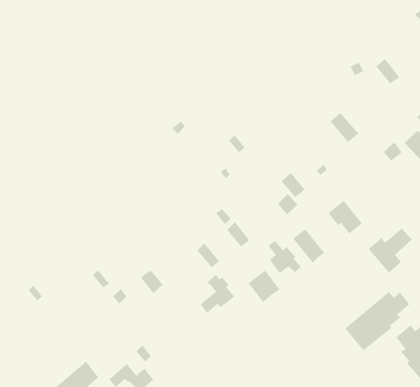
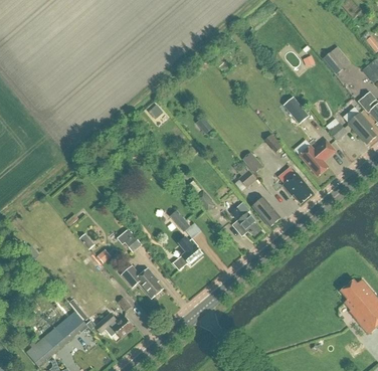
building: [368,228,412,274] -> [298,138,336,177]
building: [248,270,280,303] -> none
building: [344,291,410,351] -> none
building: none -> [121,265,162,299]

